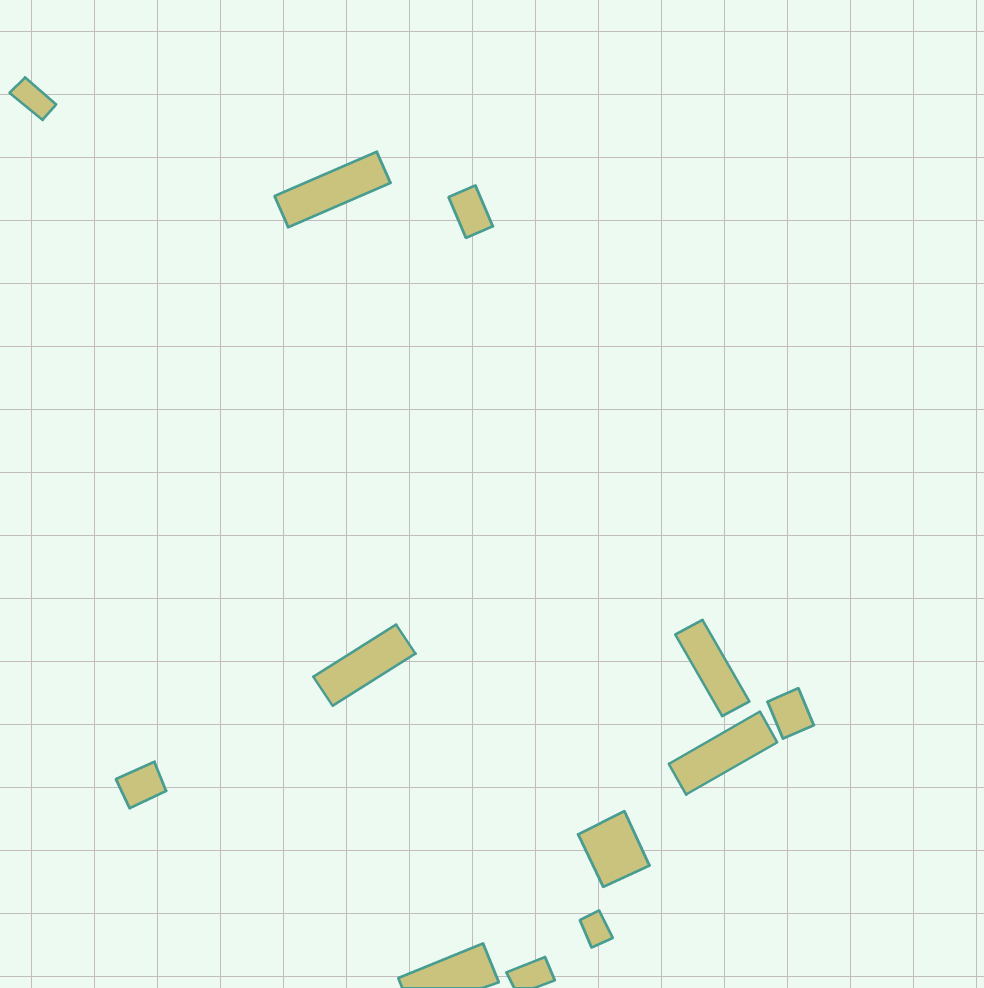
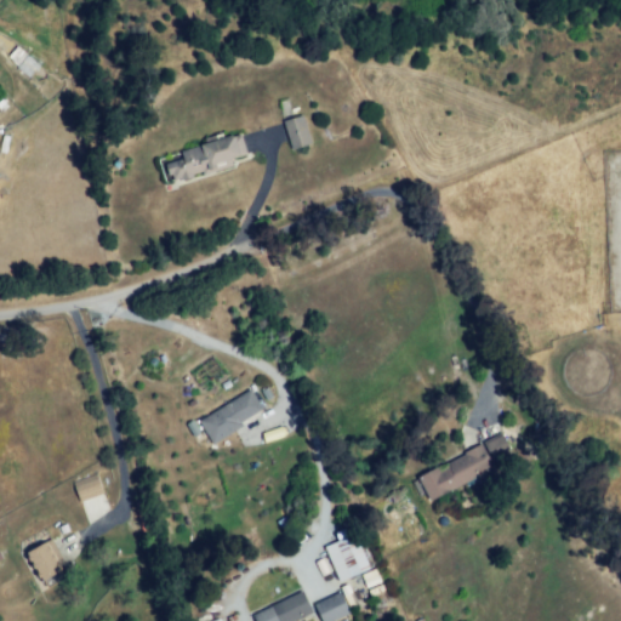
building: [275,152,391,227] -> [166,135,239,182]
building: [675,620,749,716] -> none
building: [578,811,650,887] -> [326,534,371,581]
building: none -> [27,545,64,589]

